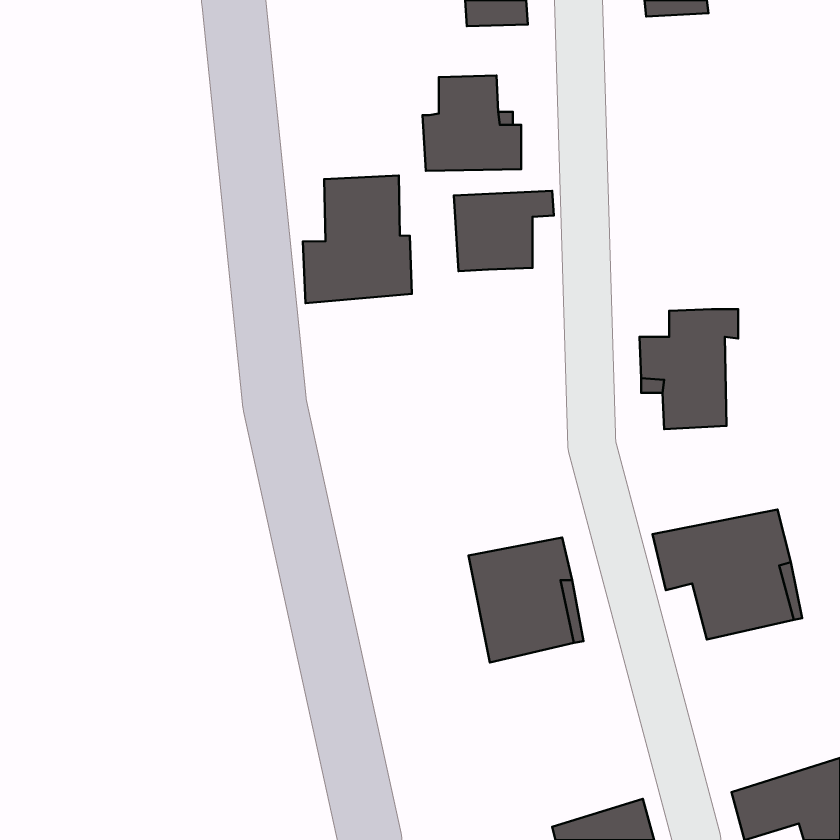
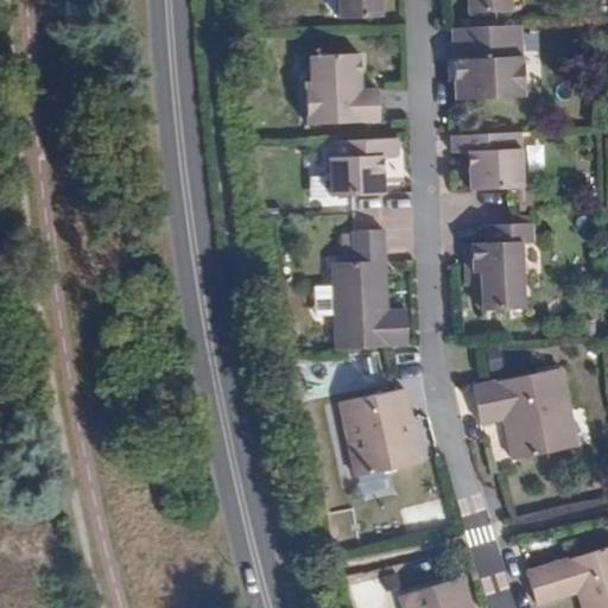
building: none -> [451,25,524,100]
building: [303,175,412,303] -> none
building: none -> [451,132,522,190]
building: none -> [329,229,407,349]

